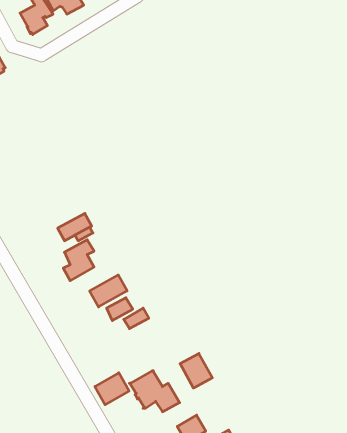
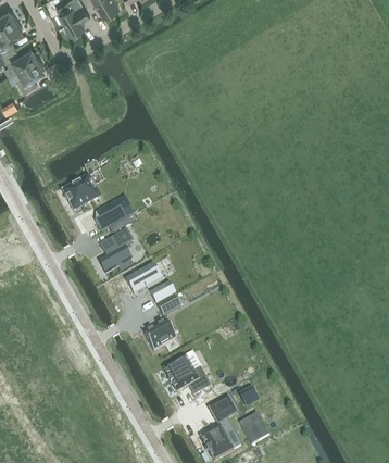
building: none -> [62,174,100,210]
building: [180,353,212,388] -> none
building: [95,373,129,405] -> [143,318,176,349]

